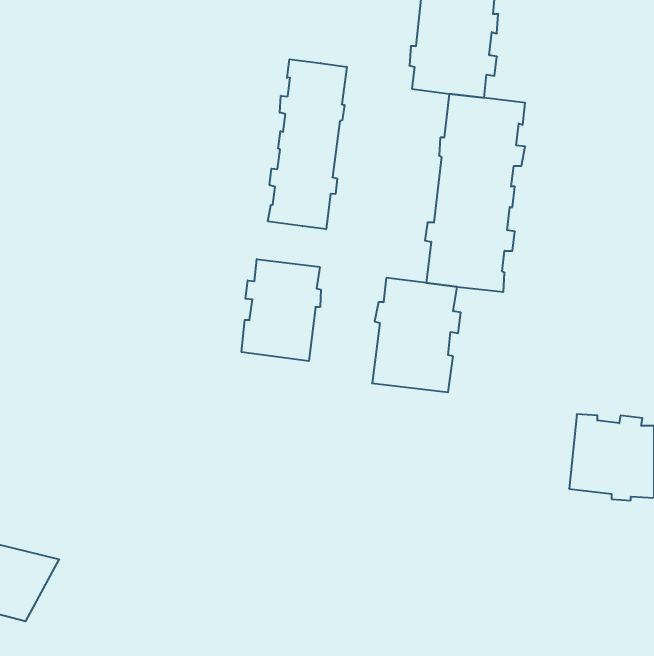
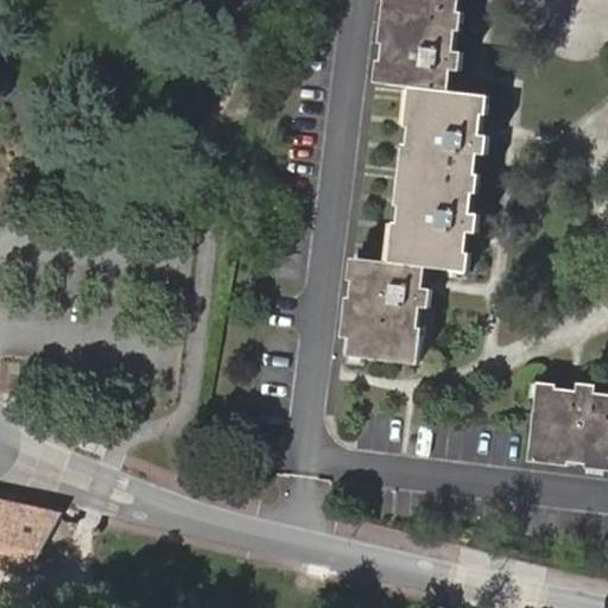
building: [268,59,347,229] -> none
building: [241,259,321,361] -> none

